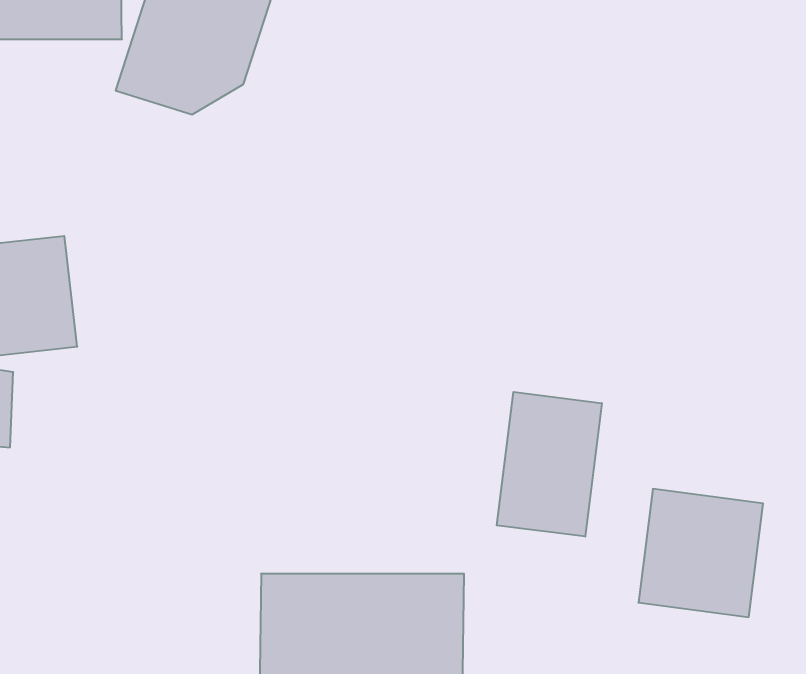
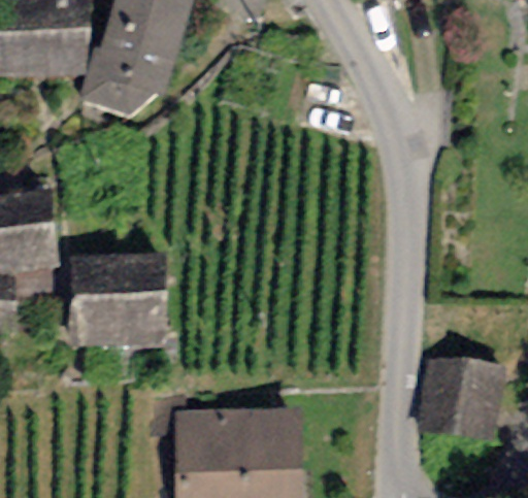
building: none -> [71,258,164,346]
building: [497,392,602,537] -> none

